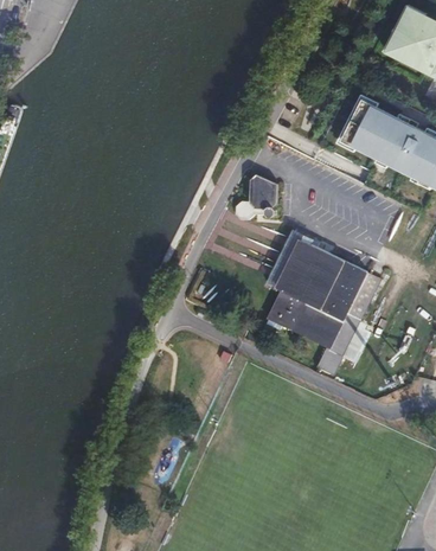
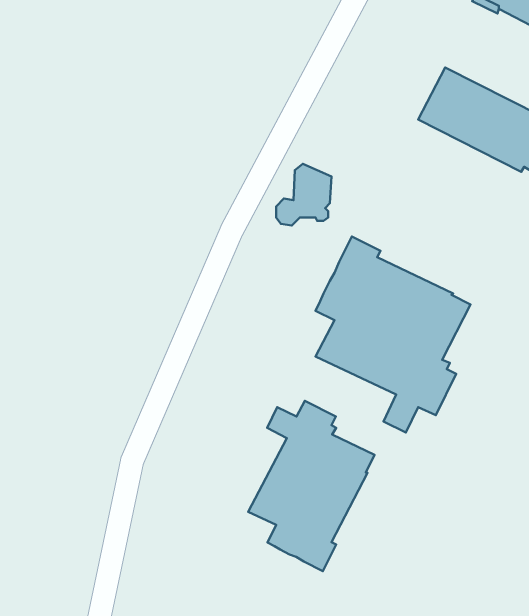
building: none -> [248,401,374,571]

